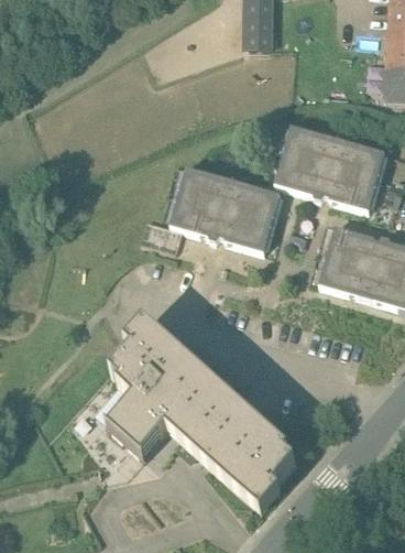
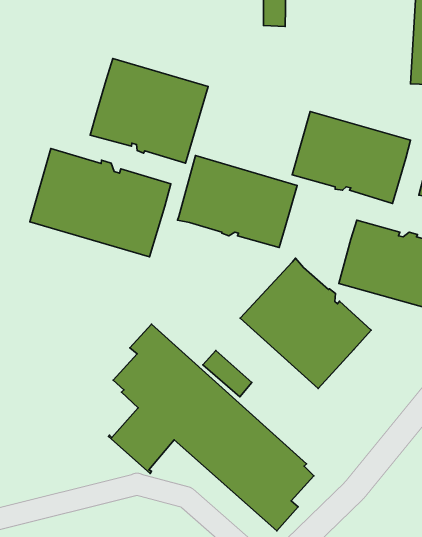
building: none -> [90,58,208,163]
building: none -> [30,149,171,257]
building: none -> [240,258,371,388]

